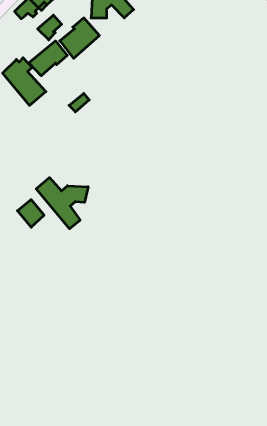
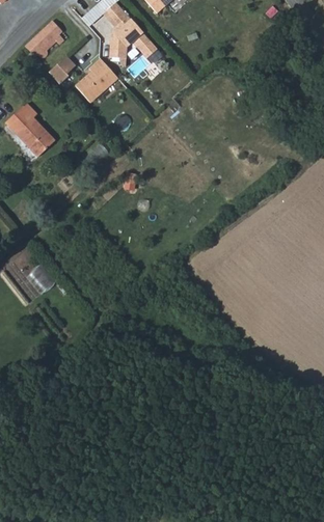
building: [29,41,67,76] -> none
building: [36,178,88,229] -> none

